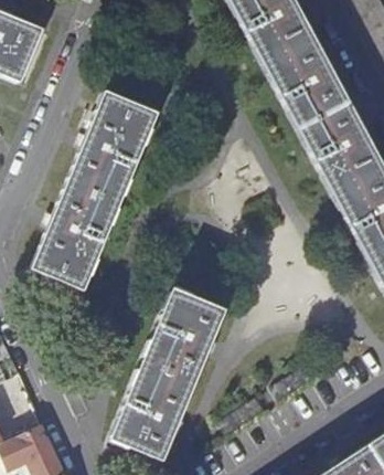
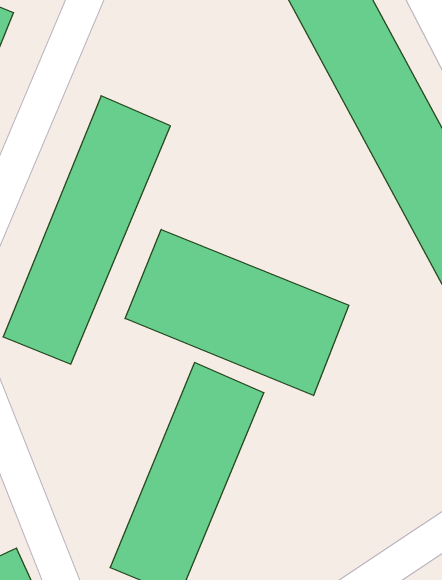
building: none -> [125,229,349,396]

